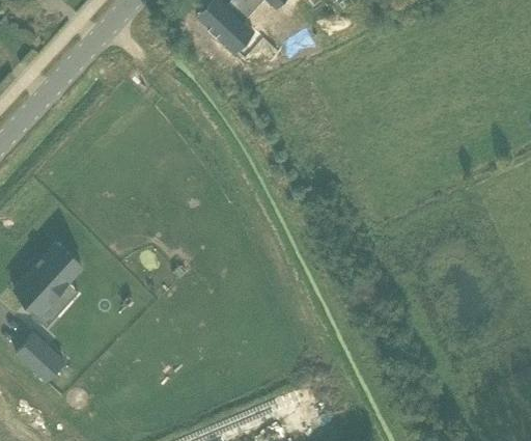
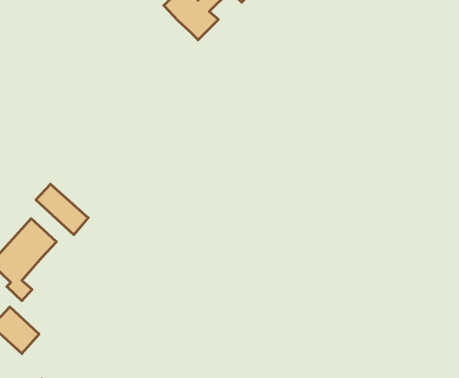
building: none -> [36,184,88,235]

